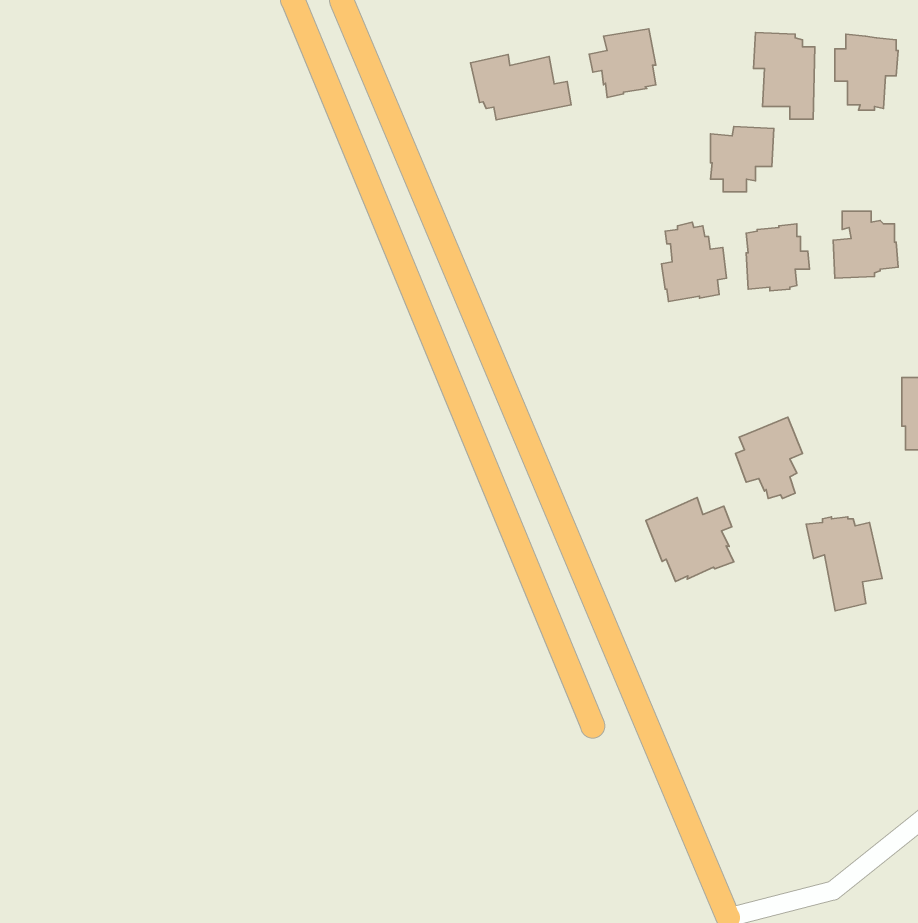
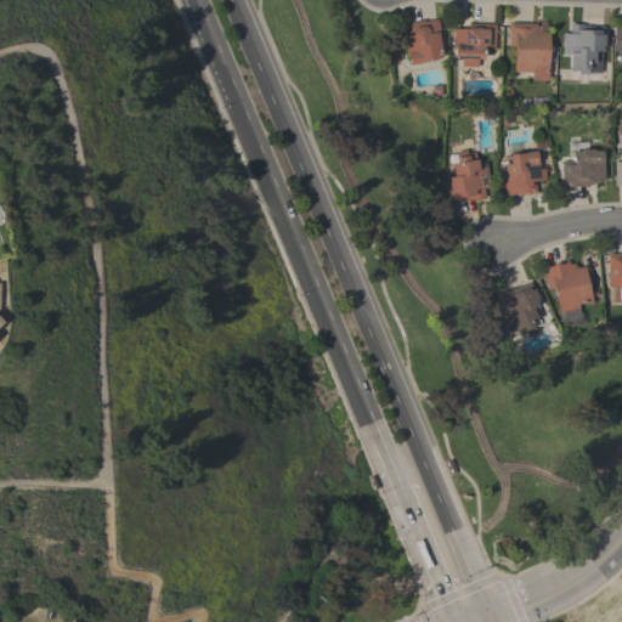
building: [471,55,571,120] -> none
building: [710,127,774,192] -> [456,23,498,67]
building: [646,498,734,581] -> none
building: [806,517,882,611] -> [544,262,595,326]

